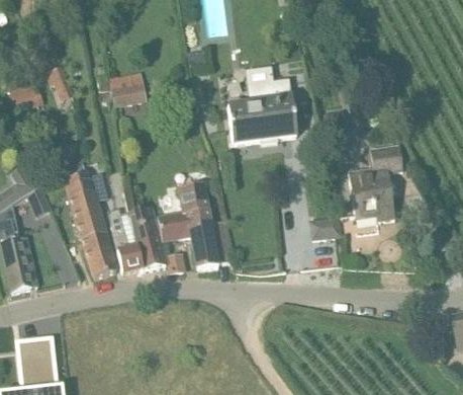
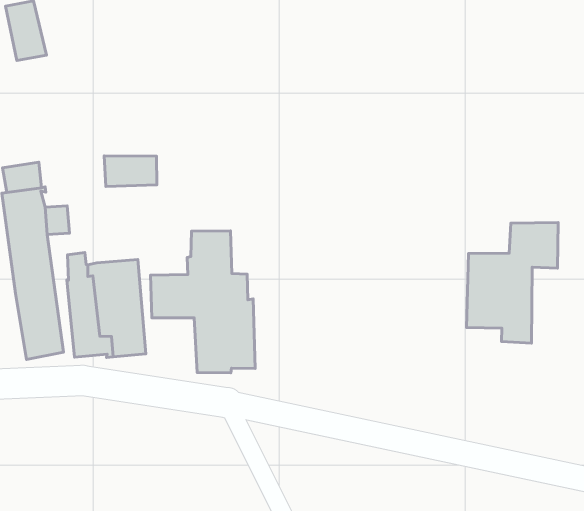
building: [226,77,299,146] -> none
building: [112,83,147,106] -> [104,156,157,187]
building: [310,216,341,238] -> none

